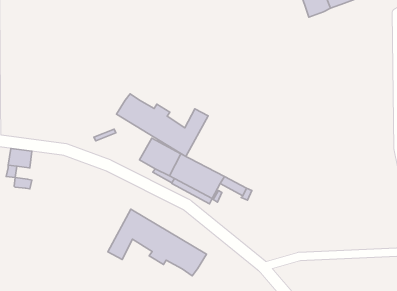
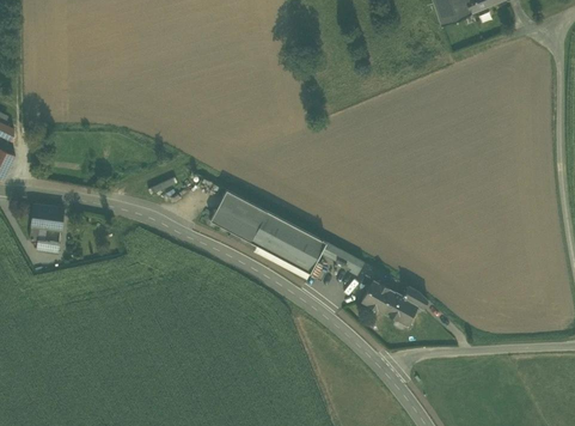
building: [117,94,208,157] -> none
building: none -> [362,279,428,322]
building: [108,209,206,276] -> none

